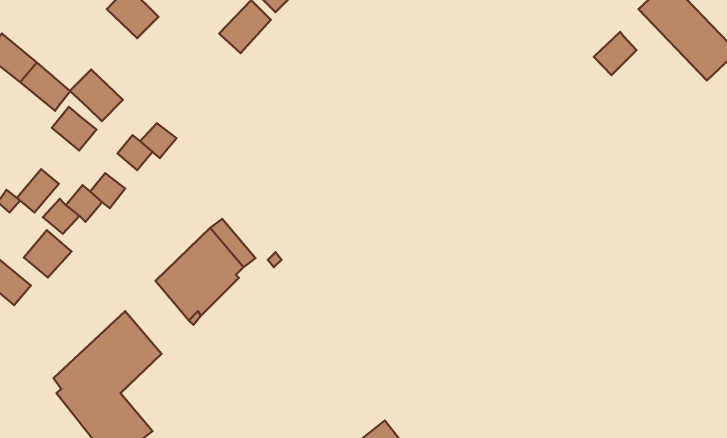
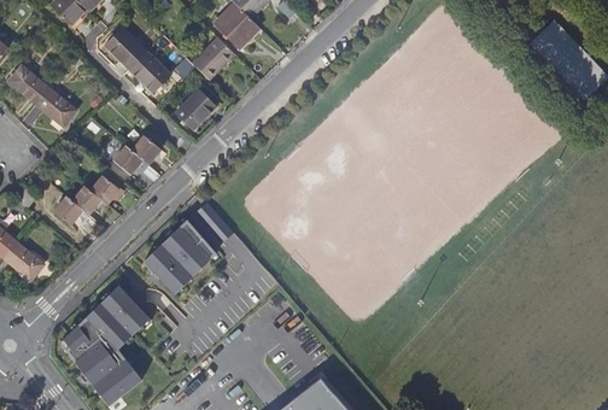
building: [594,32,636,75] -> none
building: none -> [175,89,216,130]
building: [70,69,123,121] -> [129,52,171,93]
building: [52,107,96,150] -> none
building: [17,169,59,212] -> none
building: [24,230,72,277] -> none

